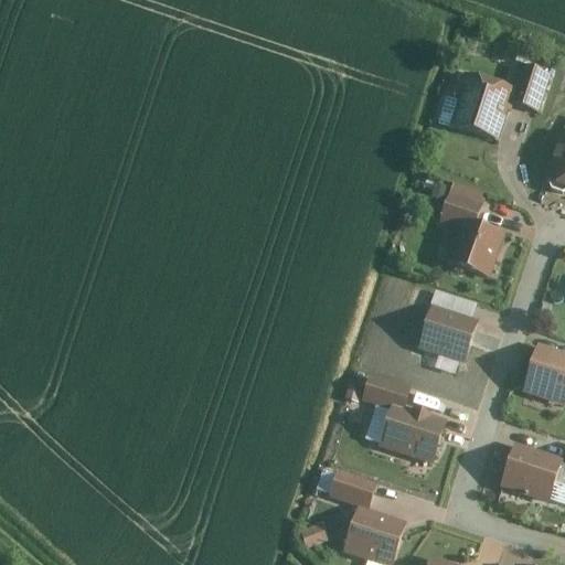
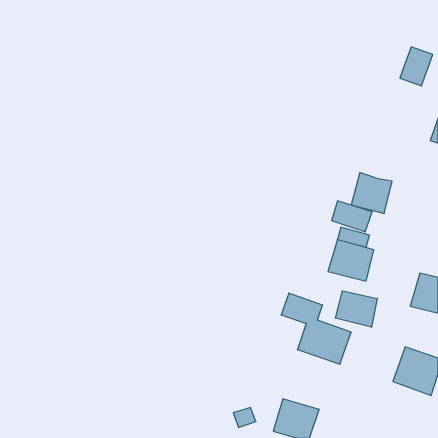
building: [439,71,514,138] -> none
building: [438,188,490,227] -> [332,201,372,232]
building: none -> [336,291,377,327]
building: [332,472,374,505] -> none

